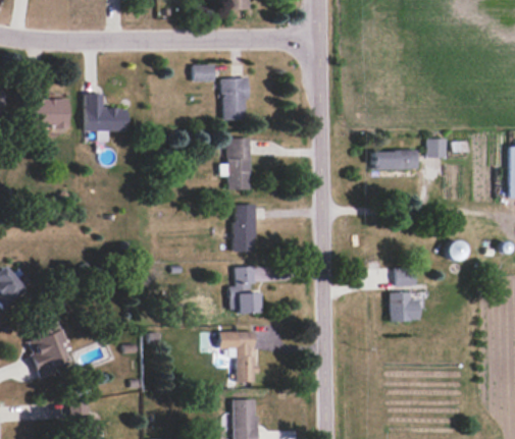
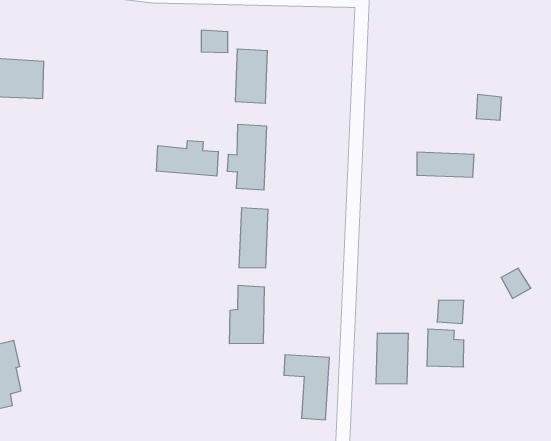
building: [85,94,128,142] -> none
building: [427,139,447,158] -> [476,94,502,120]
building: none -> [156,141,218,176]
building: none -> [376,333,408,384]
building: [219,332,255,382] -> [284,355,329,420]

